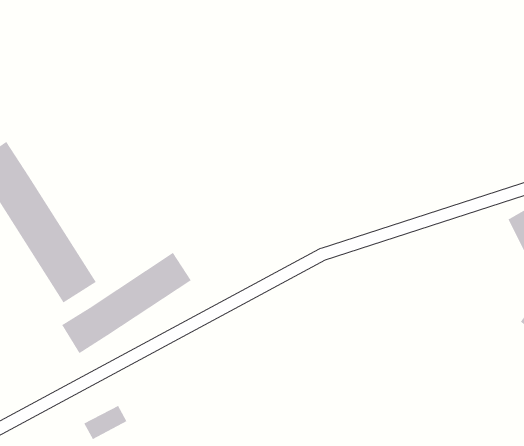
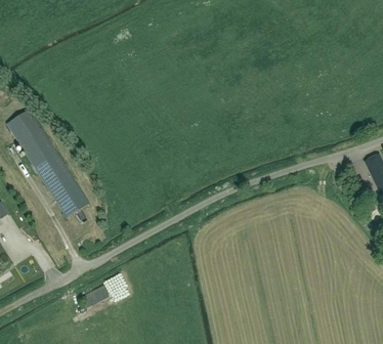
building: [61,252,192,354] -> none

